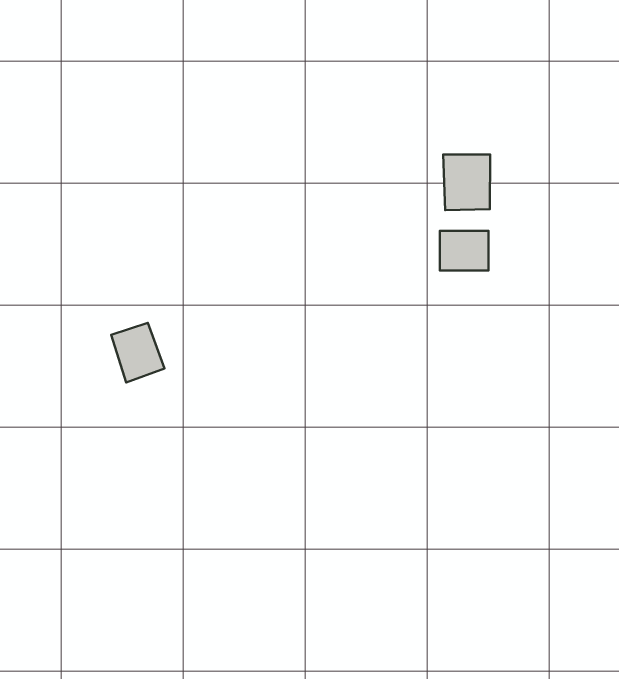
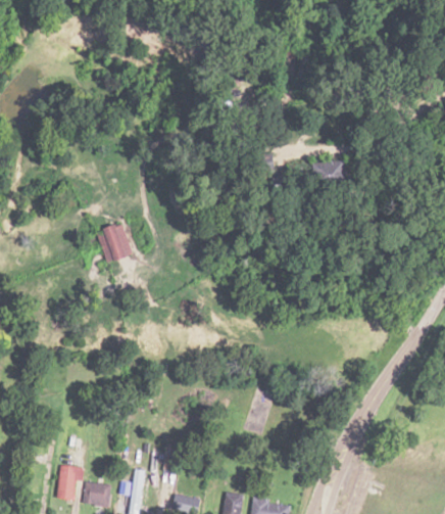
building: [443,155,490,210] -> none

